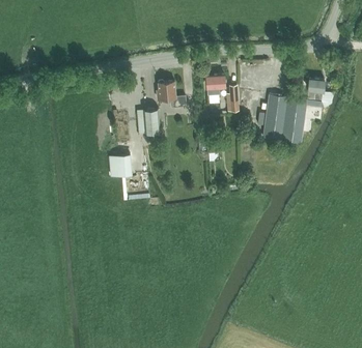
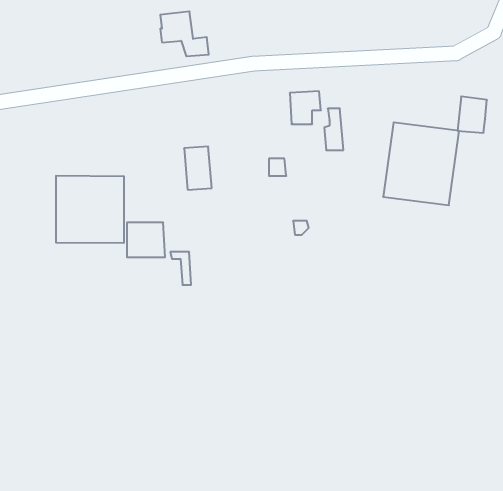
building: [157,81,186,108] -> [160,11,209,56]
building: none -> [56,176,124,243]

